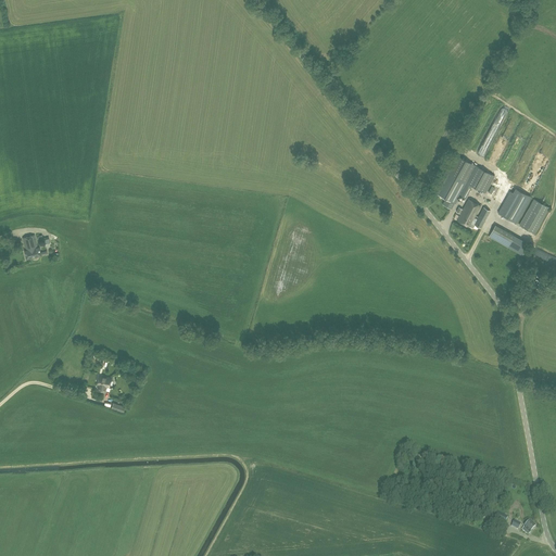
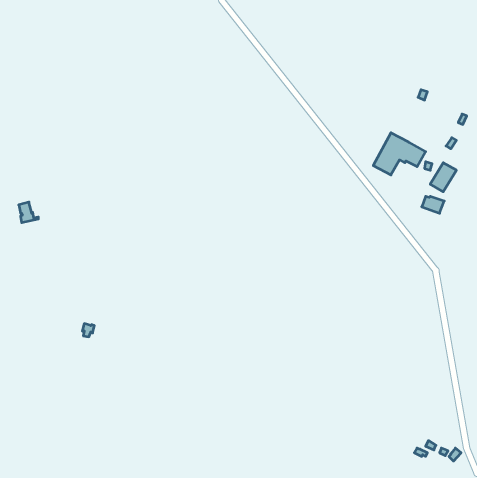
building: [456,199,489,228] -> none
building: [519,200,548,233] -> none

